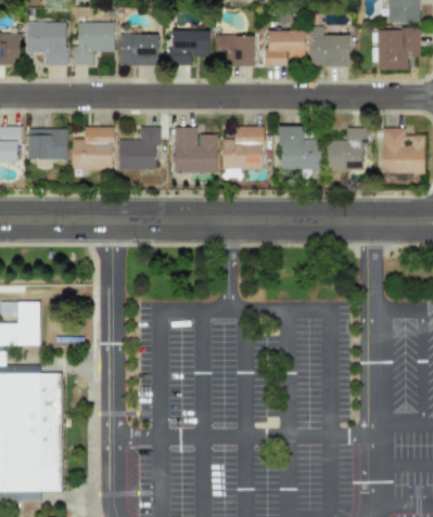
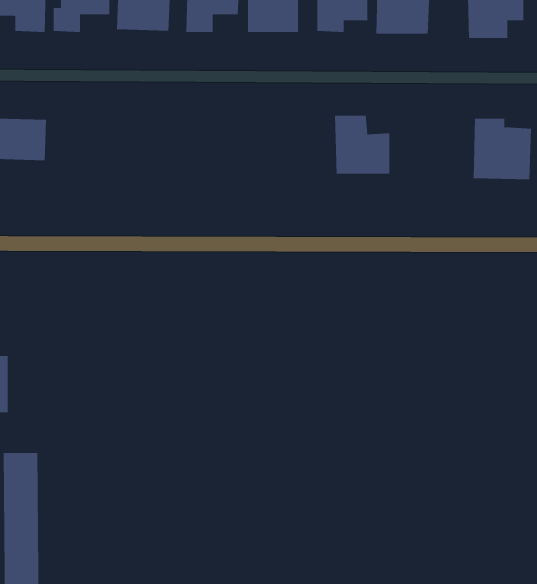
building: [72,126,113,169] -> none
building: [221,126,263,169] -> none
building: [118,127,161,169] -> none
building: [174,127,217,172] -> none
building: [327,127,362,169] -> none

